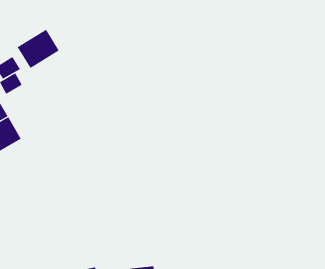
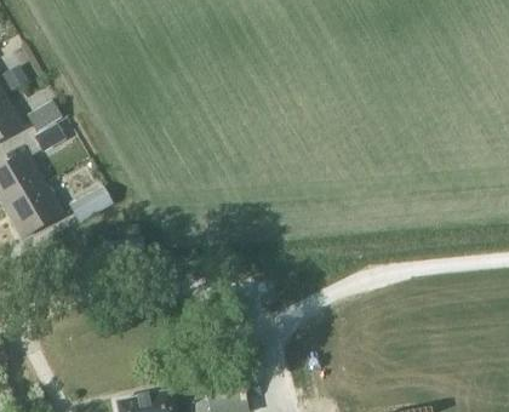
building: [17,29,60,69] -> none
building: none -> [68,185,114,223]

